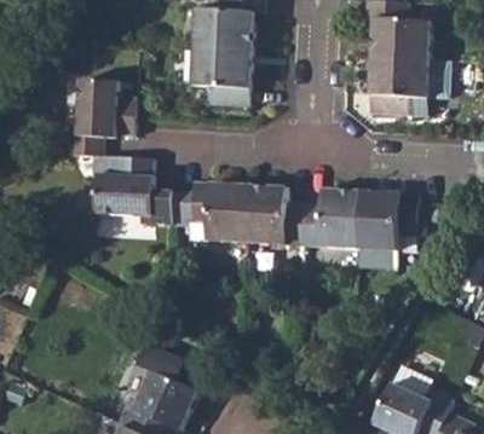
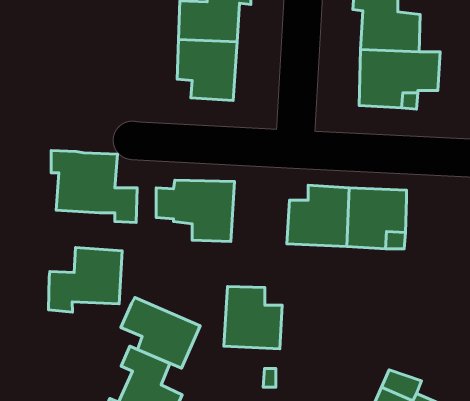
building: [69,76,137,156] -> none
building: [244,184,301,244] -> [224,286,282,349]
building: none -> [48,248,122,312]
building: none -> [121,297,200,368]

